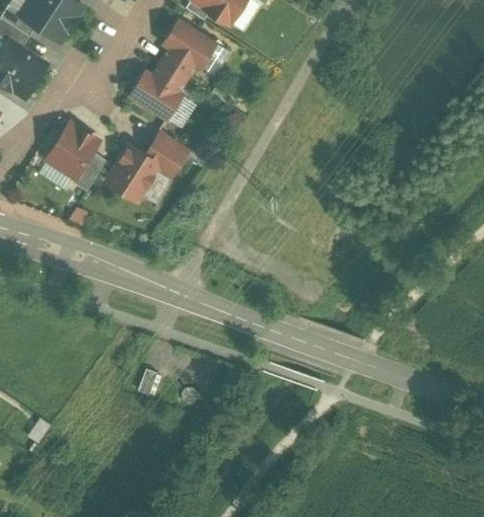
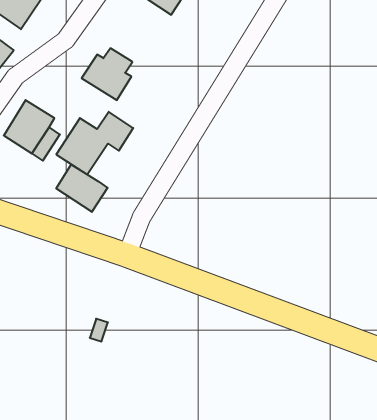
building: [159,14,221,77] -> none
building: none -> [56,165,108,212]

